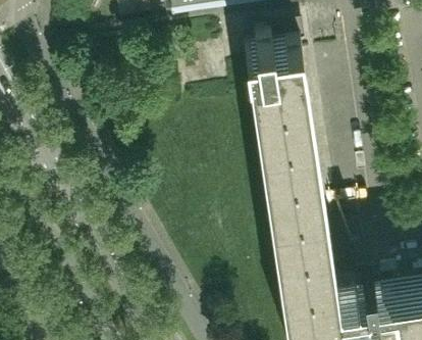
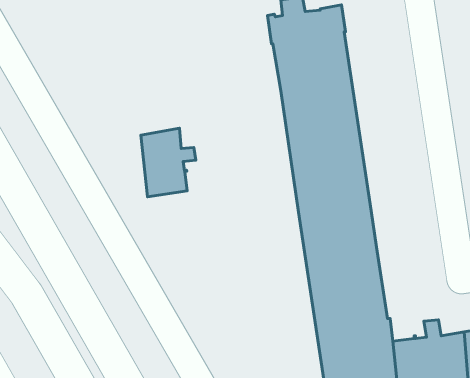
building: none -> [141,128,196,197]

